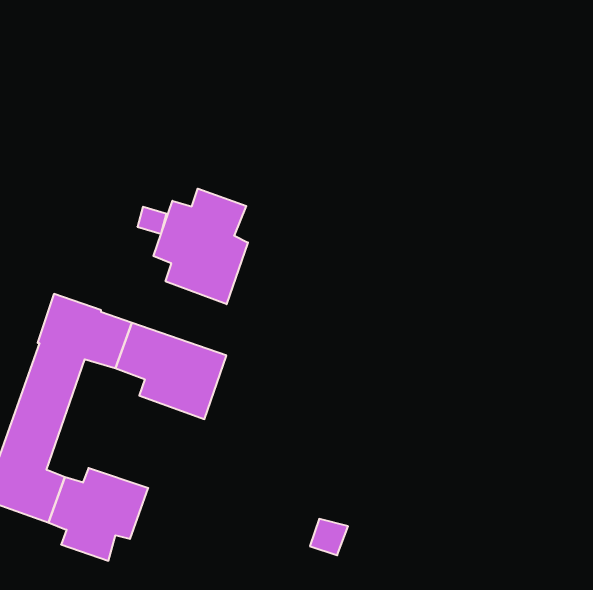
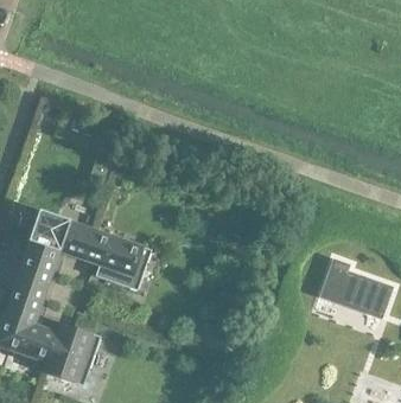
building: [153,189,248,304] -> none
building: none -> [313,260,386,319]

